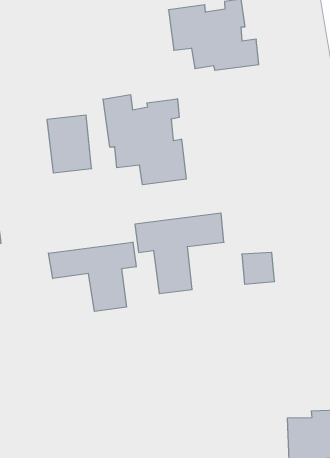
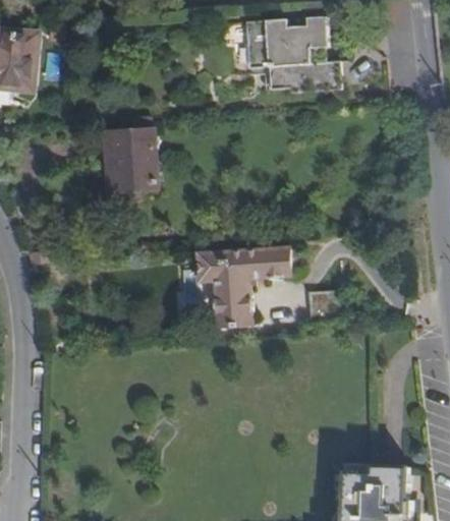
building: [103,95,186,185] -> none
building: [48,242,136,311] -> none

